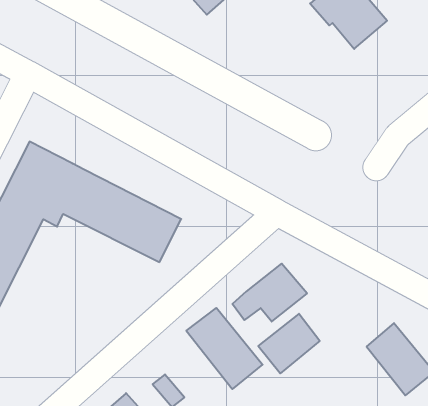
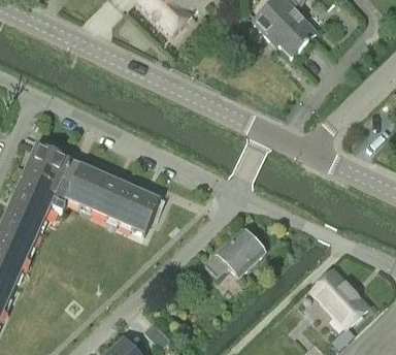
building: [186,308,263,389] -> none
building: [258,314,320,373] -> none

